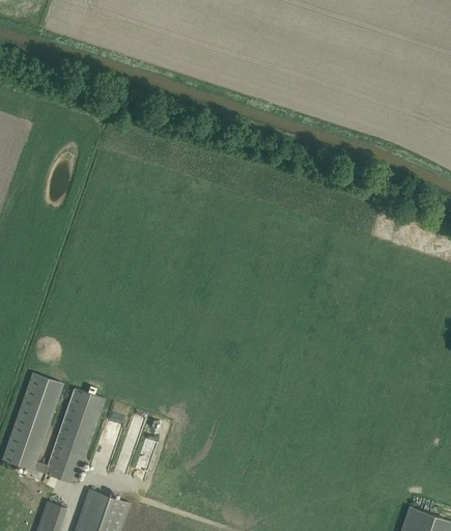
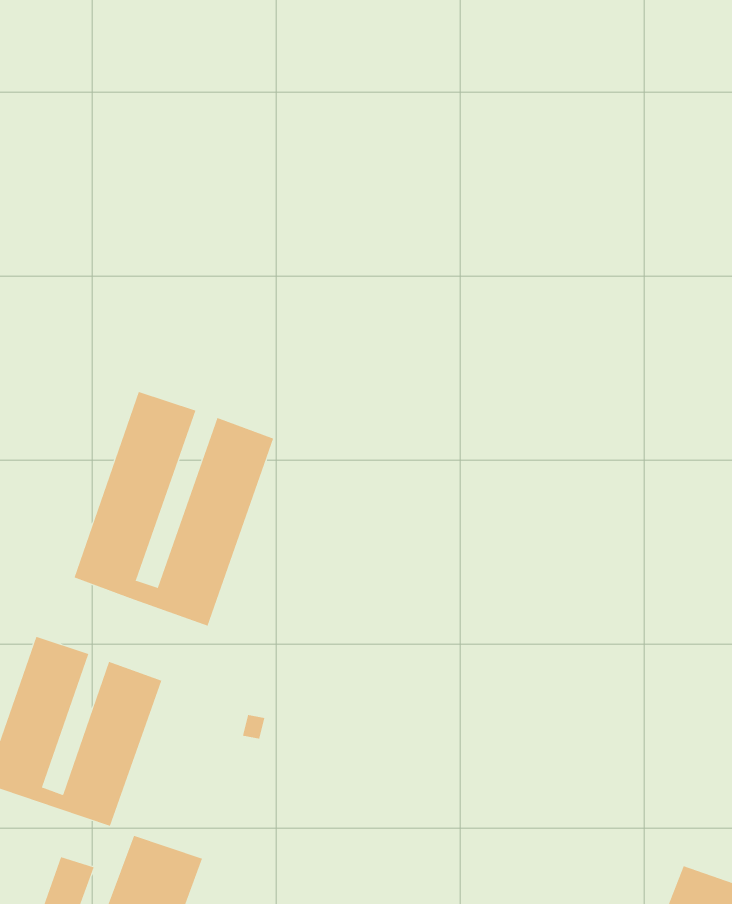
building: none -> [74,391,274,627]

